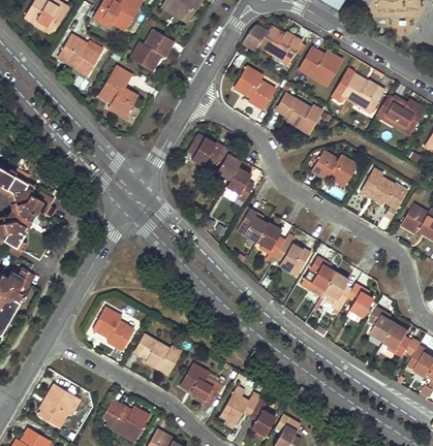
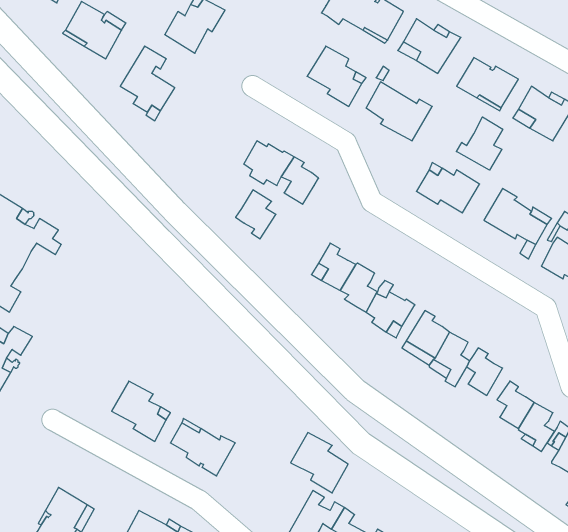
building: none -> [456,117,503,170]
building: [225,166,254,201] -> [236,190,276,239]
building: [180,363,221,407] -> [291,433,348,493]

